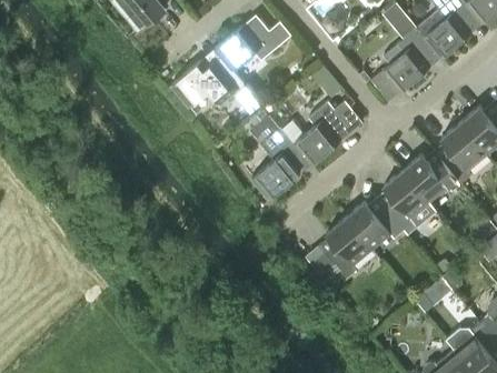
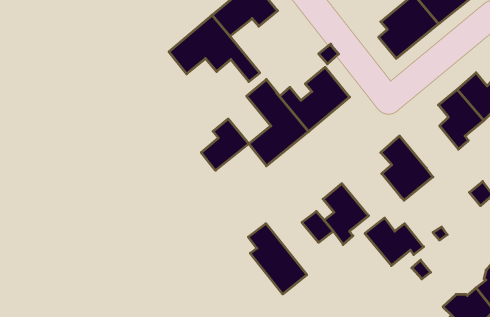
building: none -> [201,119,249,170]
building: [404,154,463,202] -> none
building: [346,202,405,250] -> [365,218,424,266]
building: none -> [248,224,307,294]

